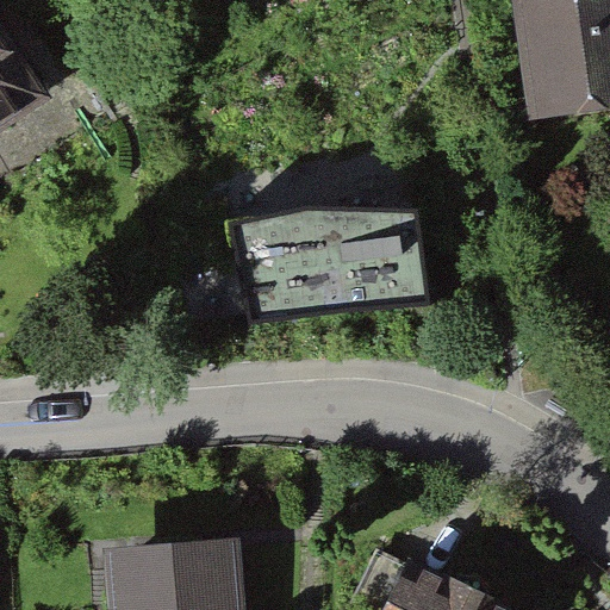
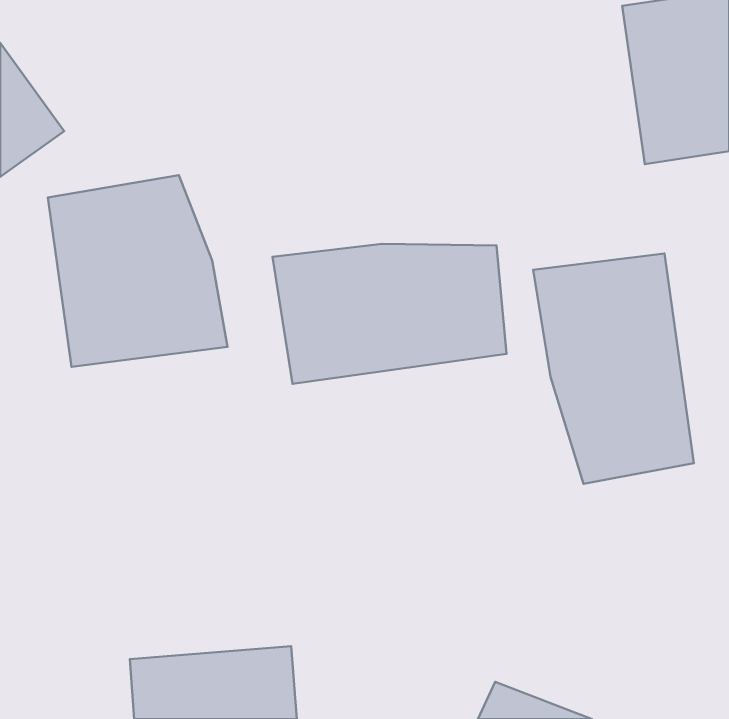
building: none -> [48,175,227,367]
building: none -> [533,254,694,484]

